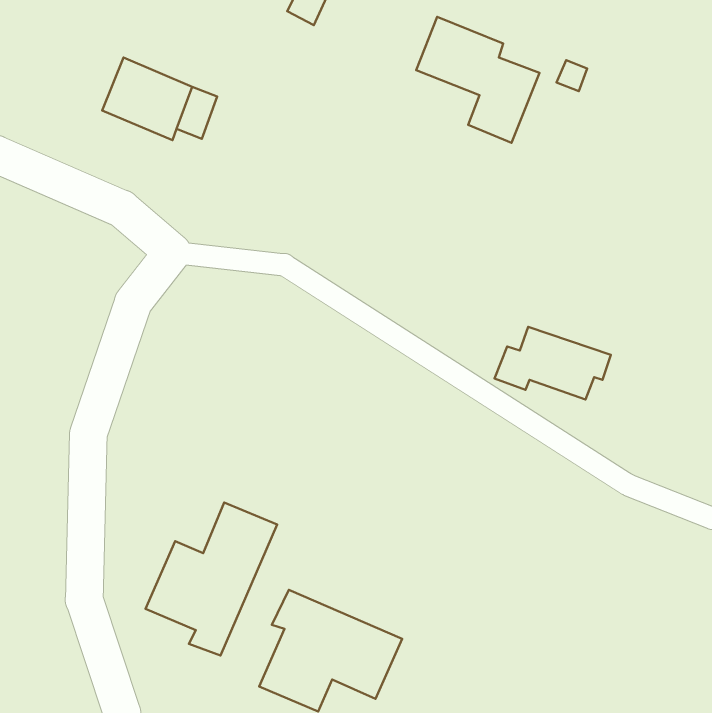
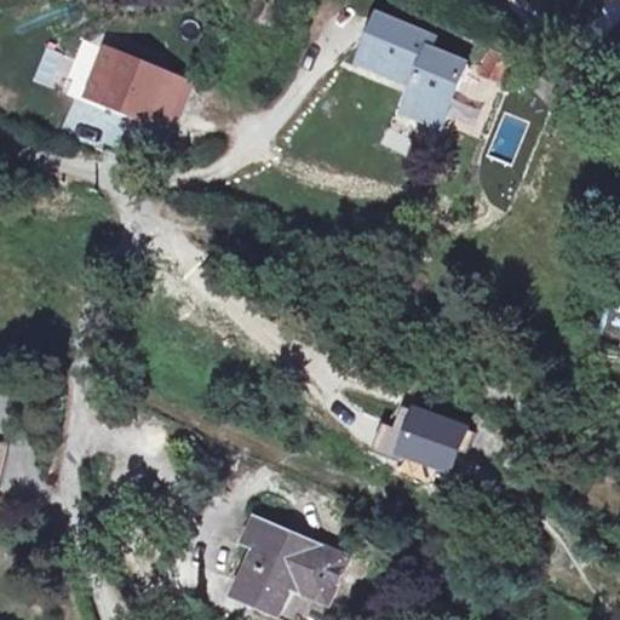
building: [495,327,611,400] -> [374,408,475,471]
building: [146,502,277,656] -> none

